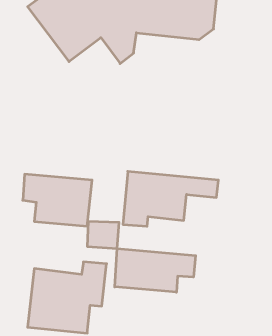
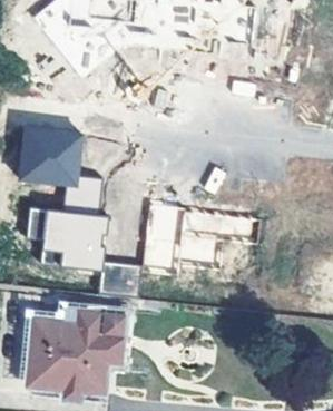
building: none -> [18,125,100,214]
building: [115,248,196,292] -> none

